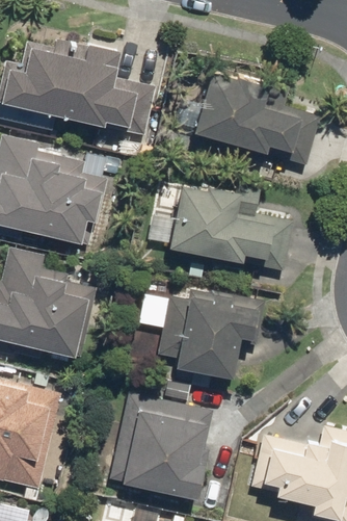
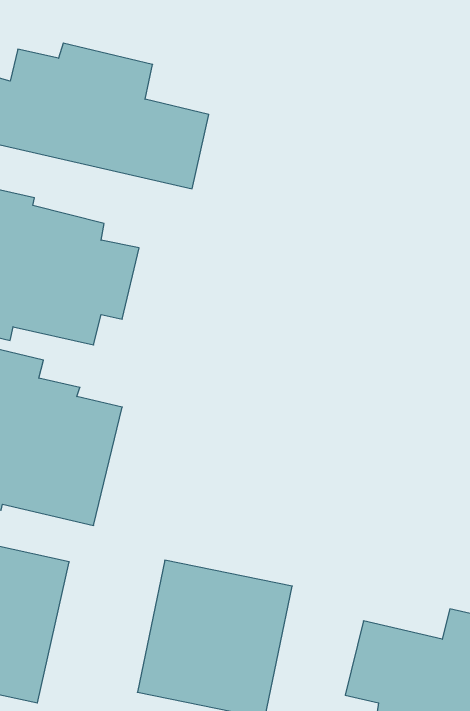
building: [190,70,323,167] -> none
building: [146,181,296,271] -> none
building: [139,287,267,381] -> none

